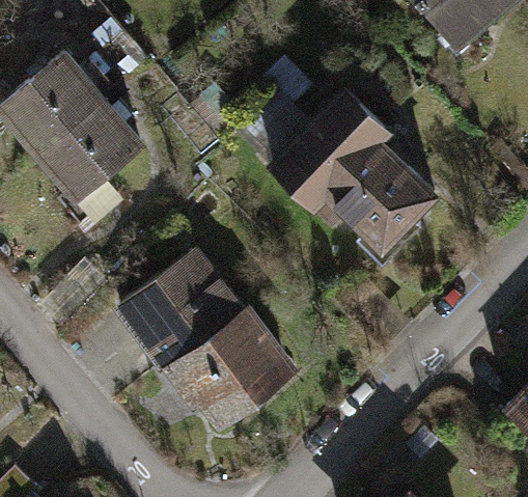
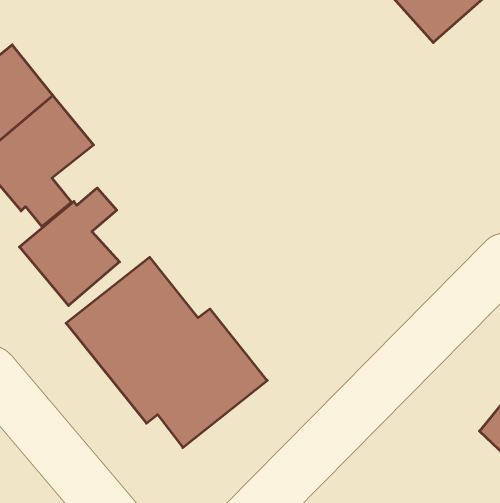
building: [267,87,439,251] -> none
building: none -> [19,188,120,306]

